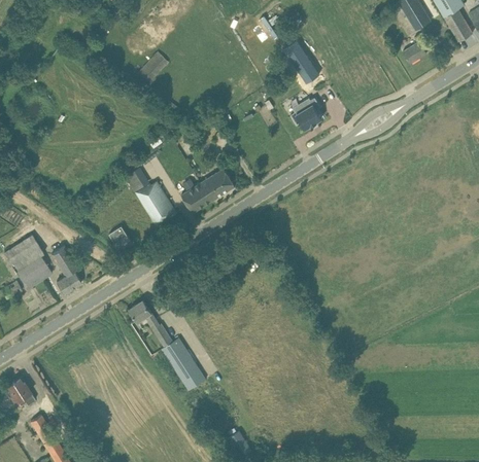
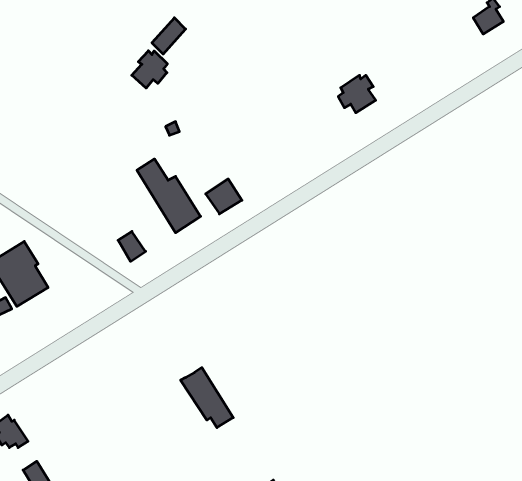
building: [282,40,319,82] -> none
building: none -> [132,51,167,88]
building: [200,168,235,201] -> none
building: [49,246,80,293] -> none
building: [129,300,172,347] -> none

